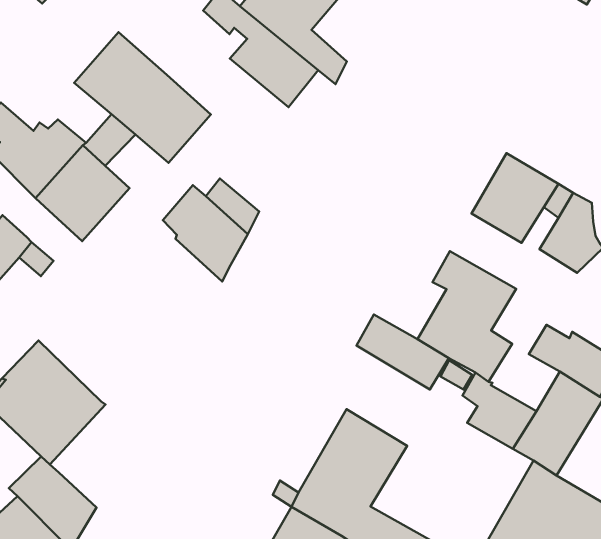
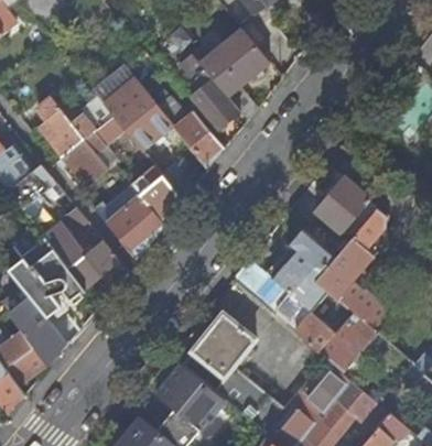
building: none -> [151,94,224,167]
building: none -> [94,182,163,259]
building: none -> [316,237,372,297]
building: none -> [43,207,120,287]

